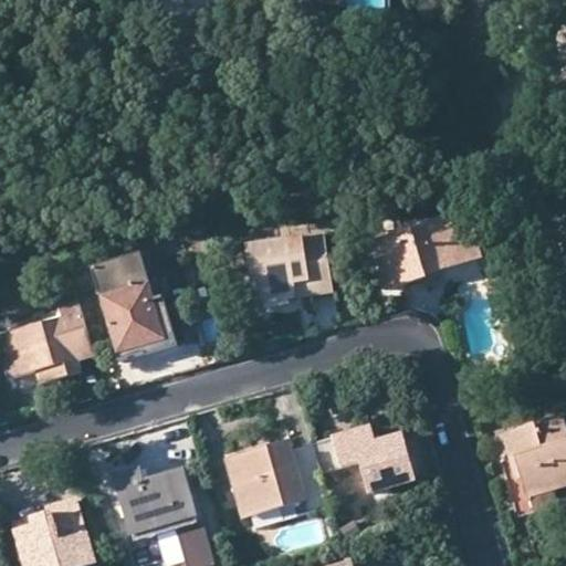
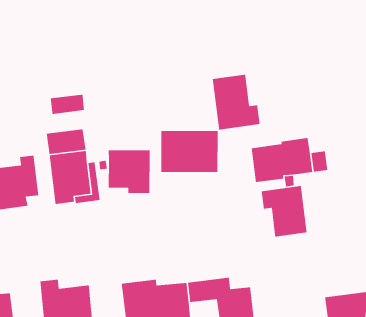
building: none -> [212,74,260,130]
building: none -> [50,94,85,115]
building: none -> [108,149,150,194]
building: none -> [261,185,307,237]

